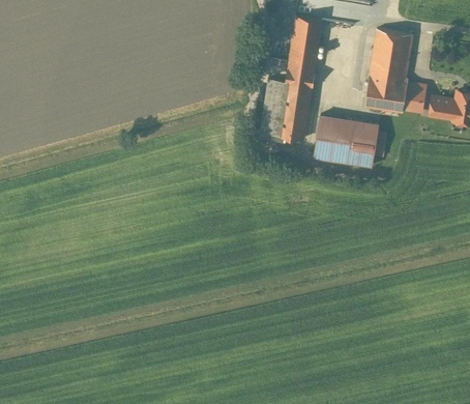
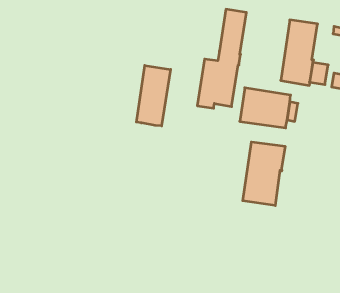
building: none -> [136,65,171,126]
building: none -> [243,142,285,206]

